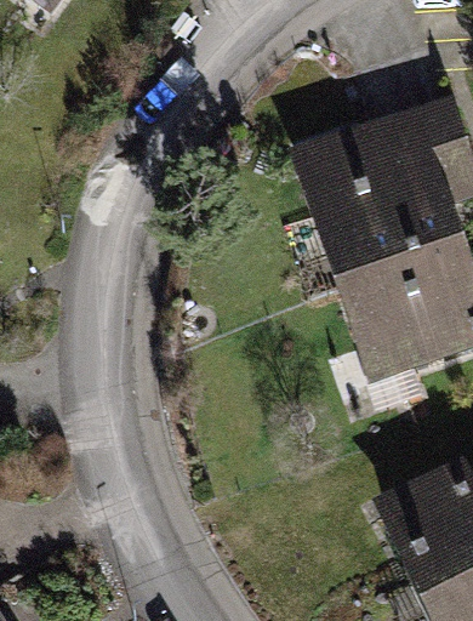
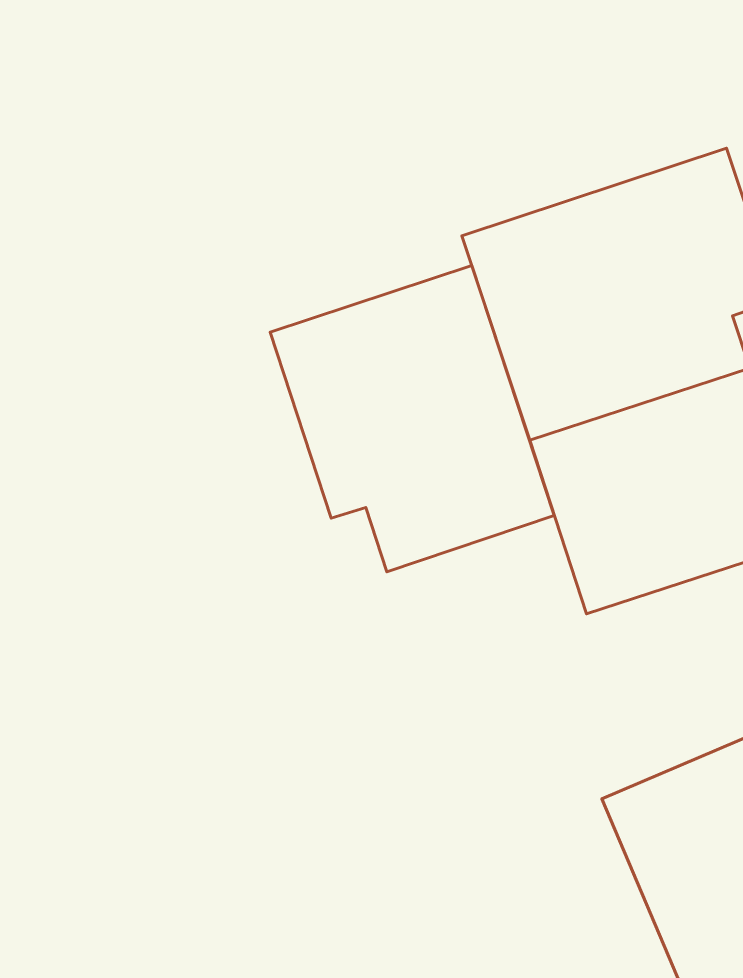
building: none -> [270,265,554,572]

